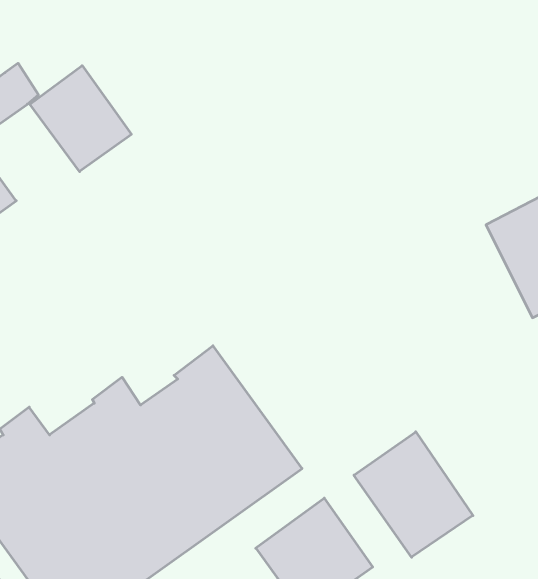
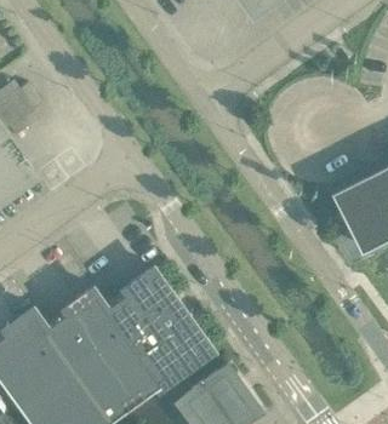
building: [30,66,131,172] -> none
building: [354,432,473,557] -> none

